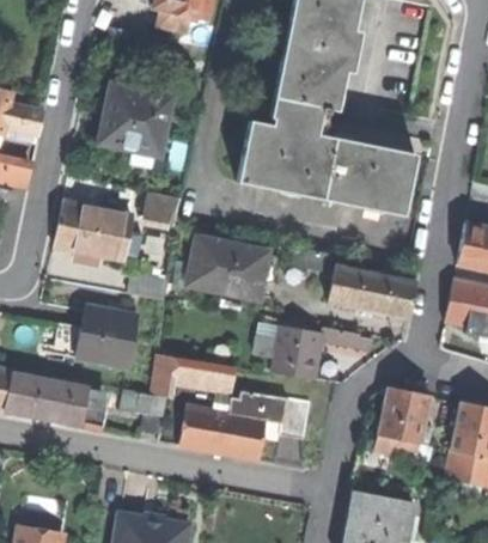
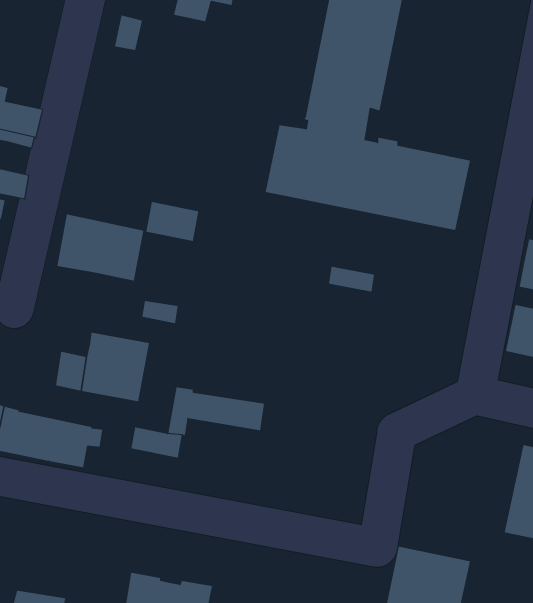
building: [100,85,169,154] -> none
building: [190,239,268,299] -> none
building: [329,266,416,318] -> none
building: [274,327,374,378] -> none
building: [374,388,431,460] -> none
building: [181,391,311,460] -> none

